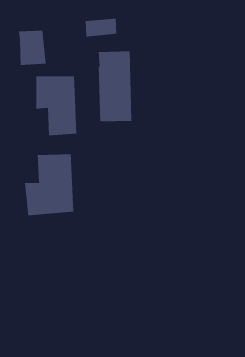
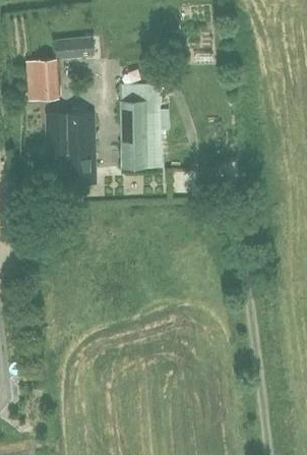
building: [85,18,117,37] -> [55,37,94,59]
building: [25,154,74,216] -> none

